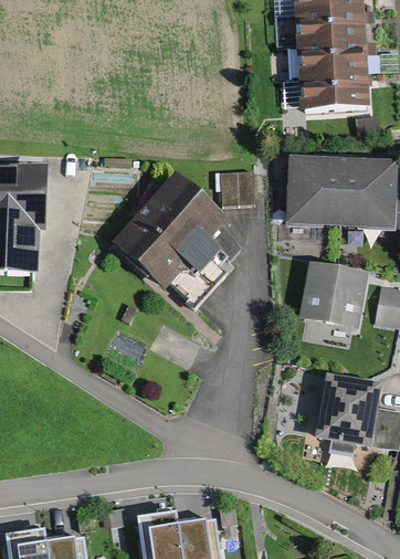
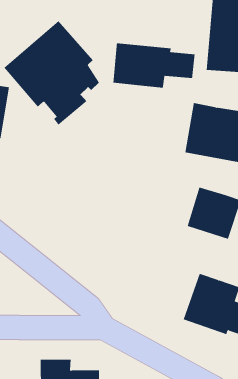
building: none -> [113,42,195,89]
building: [220,171,254,204] -> none
building: [113,175,240,310] -> [4,21,100,126]

